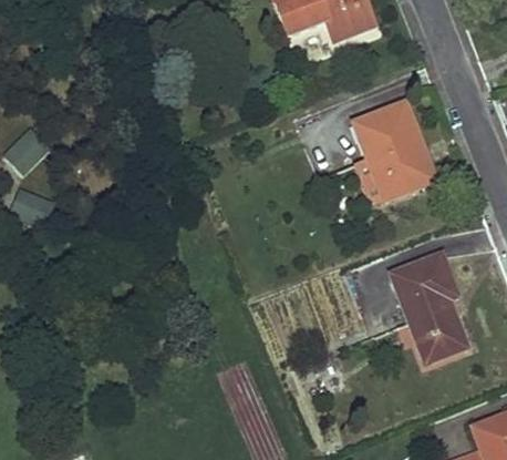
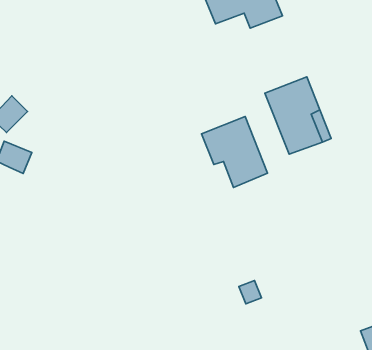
building: none -> [201,116,268,188]
building: [391,254,466,361] -> none

